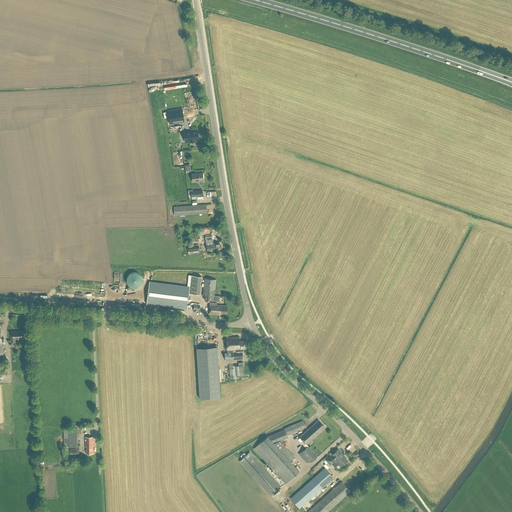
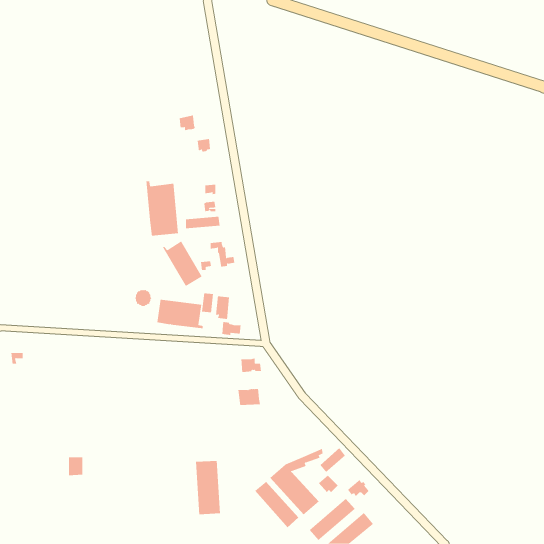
building: none -> [146,180,178,236]
building: none -> [162,241,202,287]
building: [196,347,220,398] -> [195,460,221,515]

